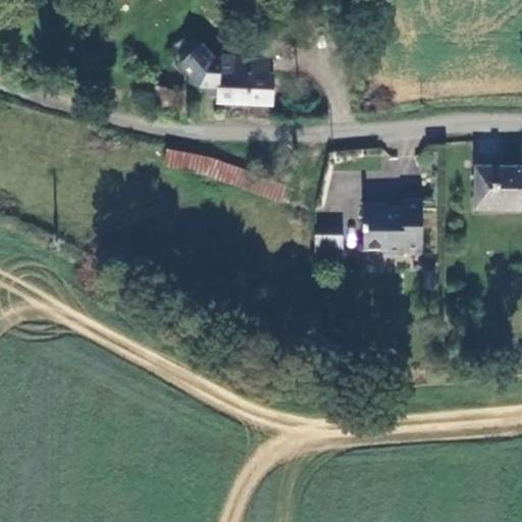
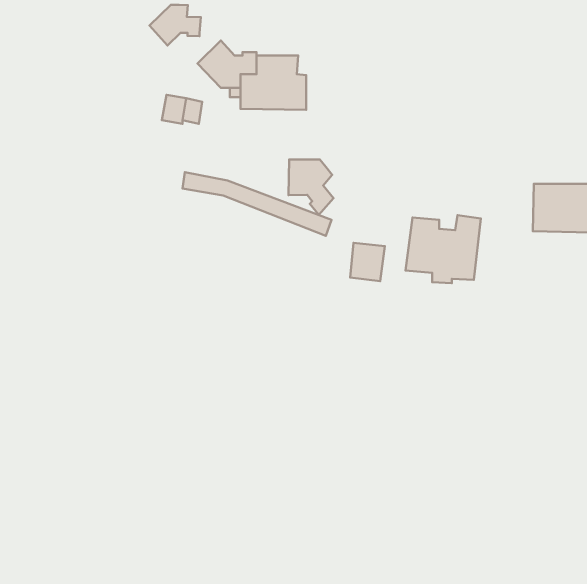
building: none -> [149,5,201,46]
building: none -> [288,159,333,215]

